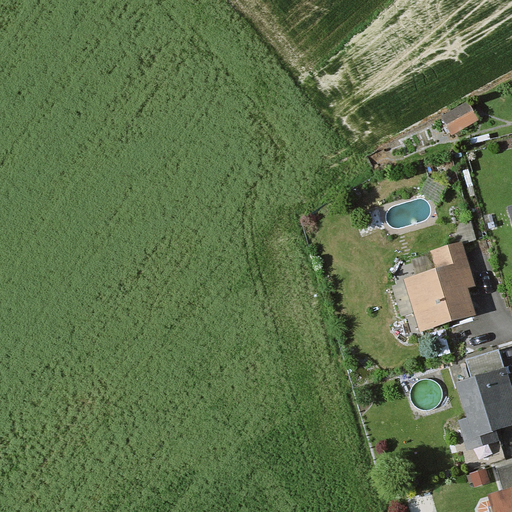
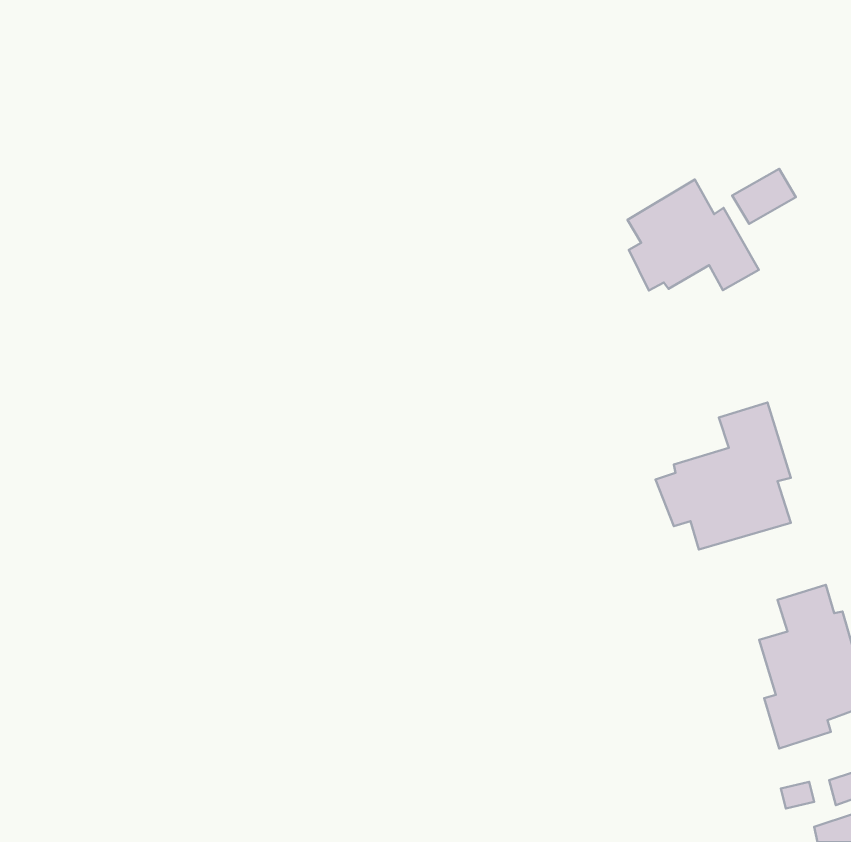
building: none -> [628,180,759,291]

